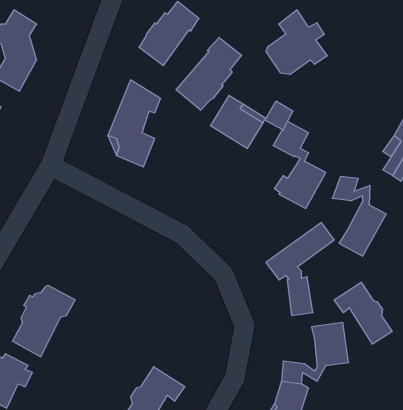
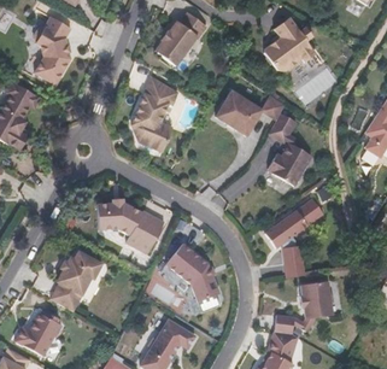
building: [176,37,242,110] -> none
building: [332,176,386,256] -> none
building: none -> [95,198,163,253]
building: none -> [165,241,216,300]
building: [334,282,392,344] -> none

